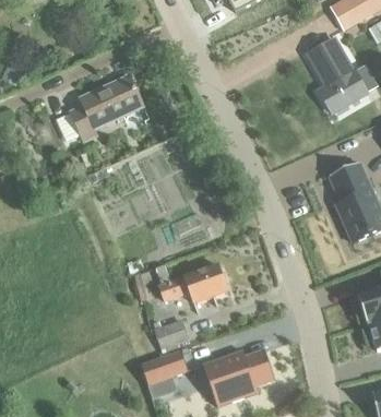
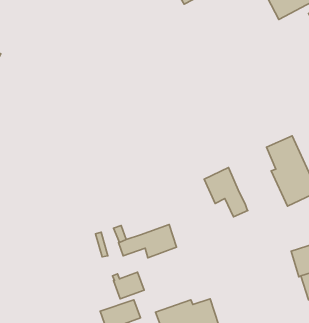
building: [309,39,366,111] -> none
building: [56,75,143,141] -> none
building: none -> [204,168,248,217]

